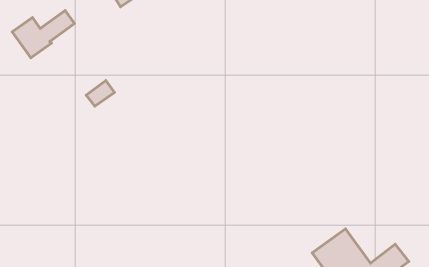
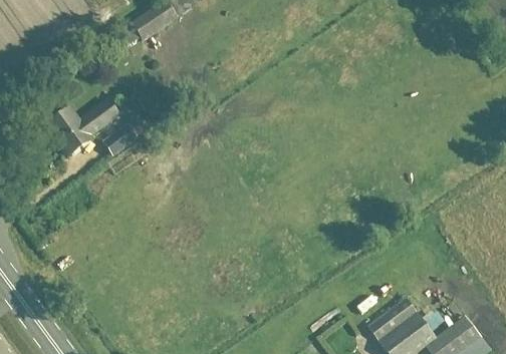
building: [12,11,75,58] -> [46,99,119,154]

